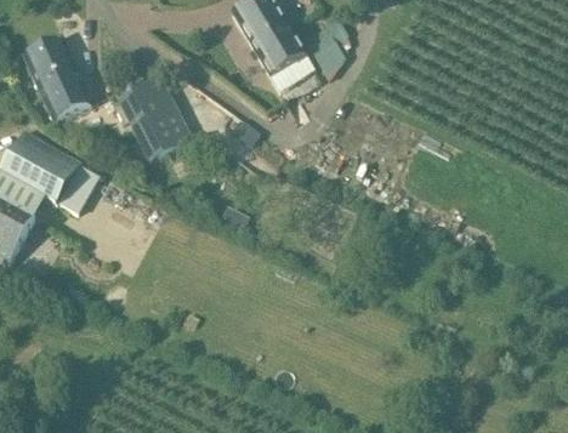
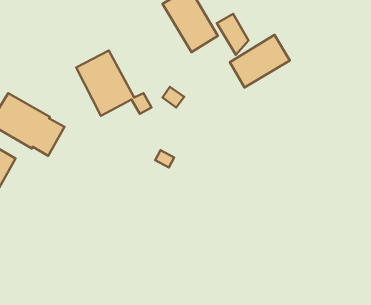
building: [22,36,90,121] -> none
building: none -> [230,35,290,88]

